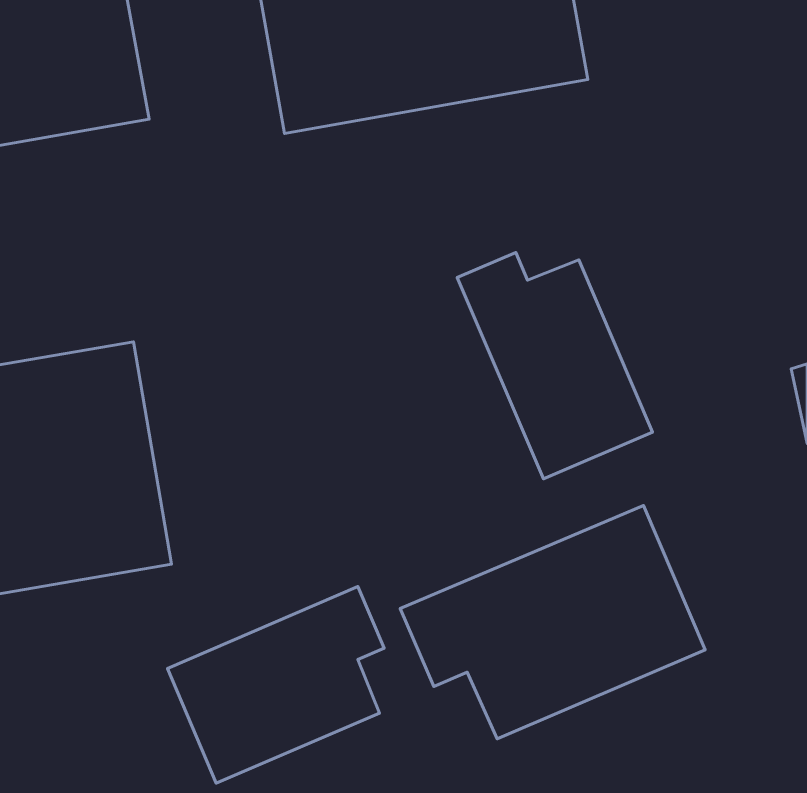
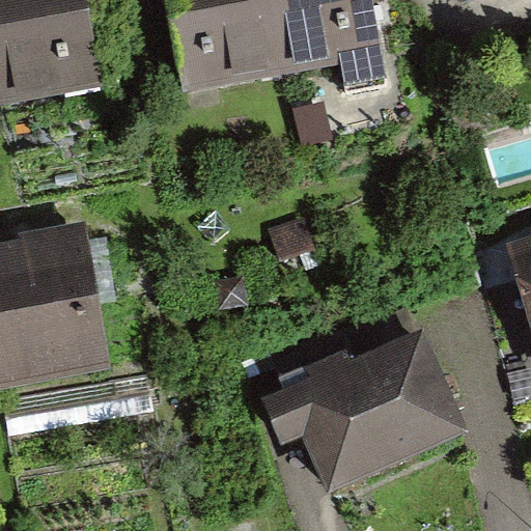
building: [457,253,653,479] -> none
building: [167,587,384,783] -> none

